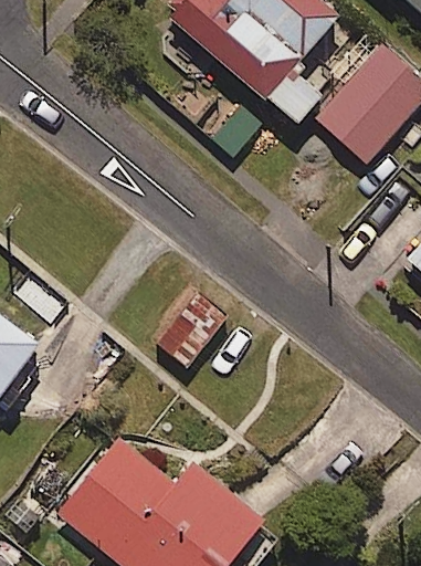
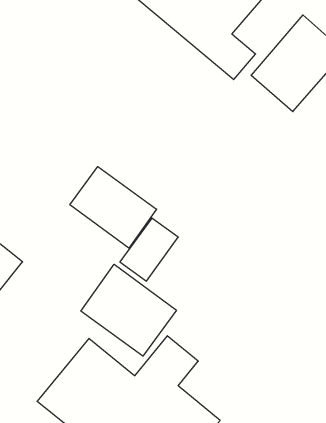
building: none -> [70,167,157,248]
building: none -> [81,264,176,356]

